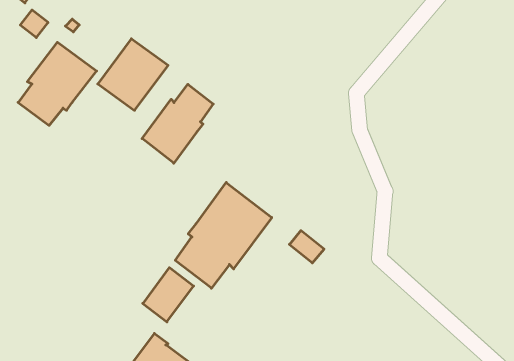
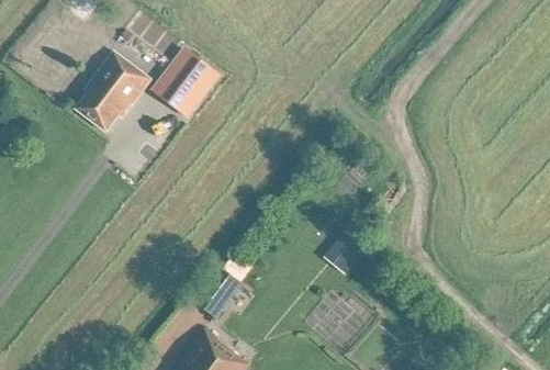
building: [142,84,213,163] -> none
building: [175,182,272,288] -> none

